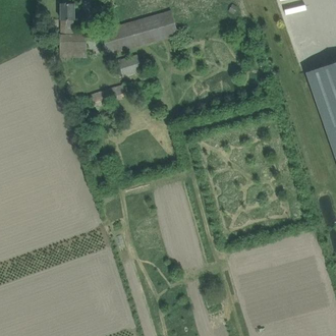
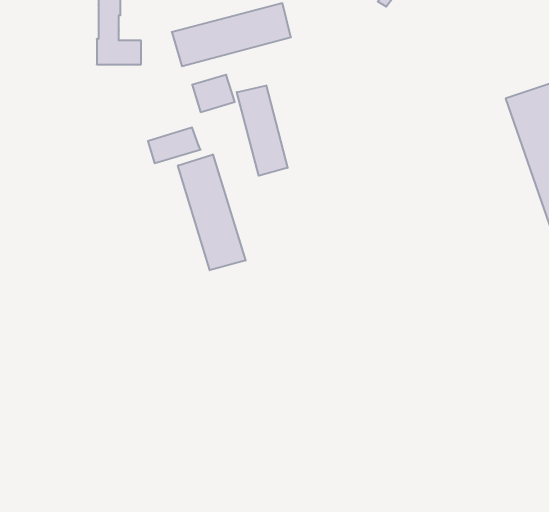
building: none -> [237,85,288,176]
building: none -> [178,154,246,270]

